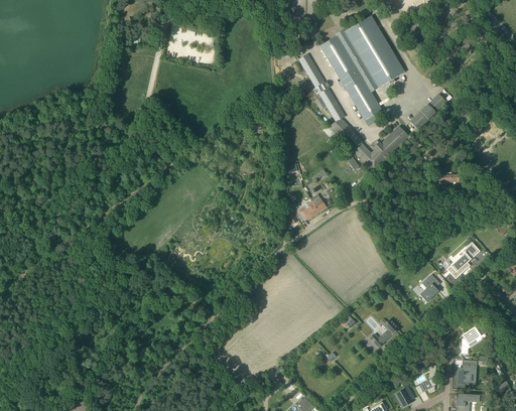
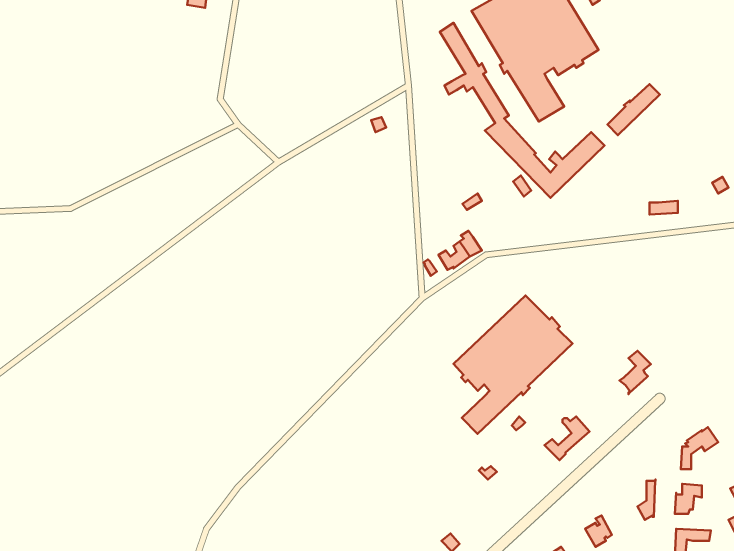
building: none -> [453,296,572,434]
building: [449,242,479,278] -> none

